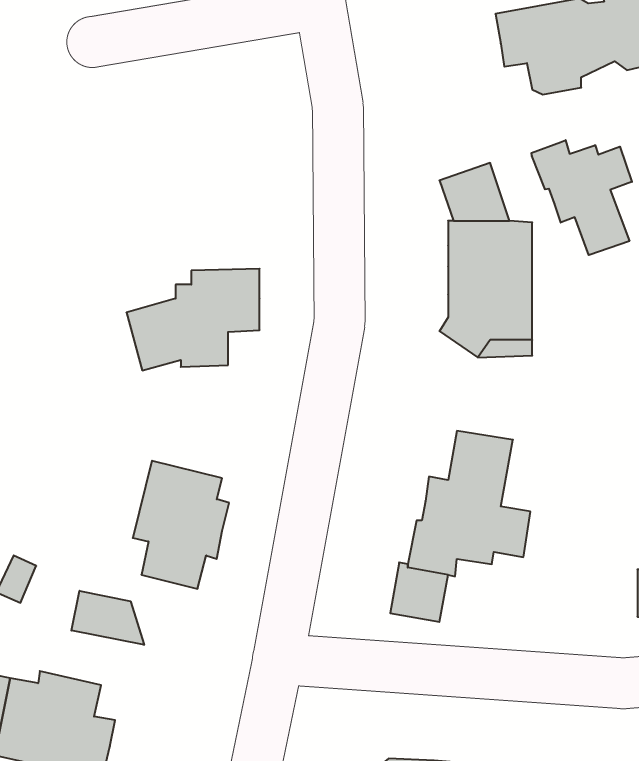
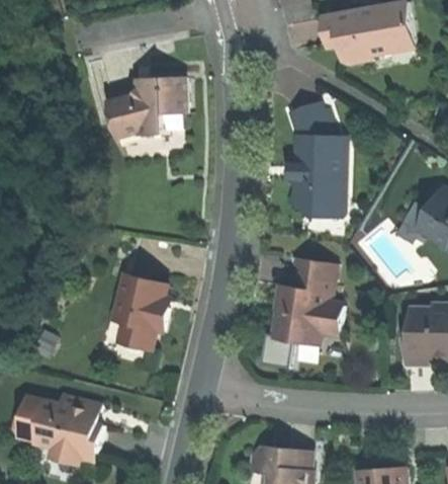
building: [531,140,632,255] -> none
building: [126,269,260,370] -> [107,77,184,136]
building: [71,591,144,645] -> none

